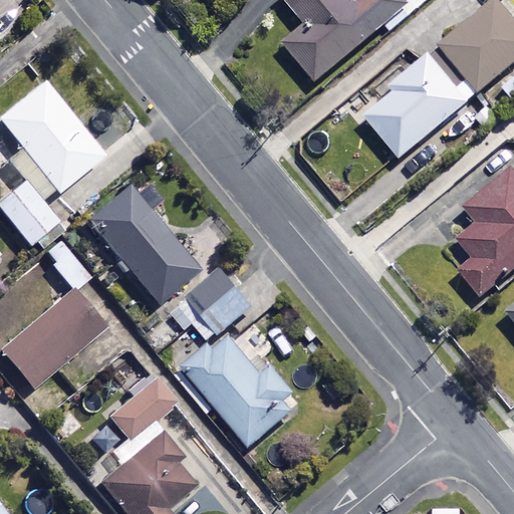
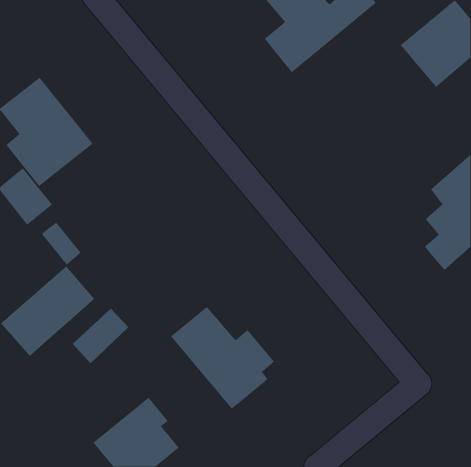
building: [367,49,473,156] -> none
building: [87,182,201,304] -> none
building: [172,267,254,341] -> none
building: [107,378,170,440] -> [72,308,129,364]

